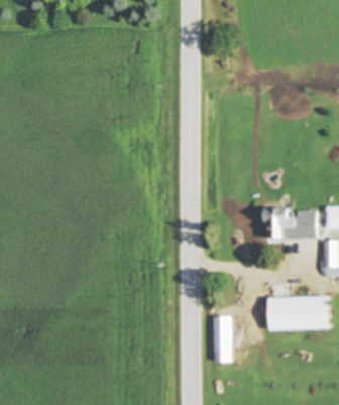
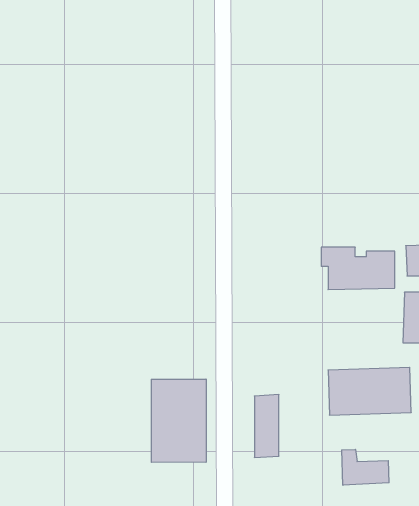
building: none -> [151,379,206,462]
building: none -> [342,449,389,485]

